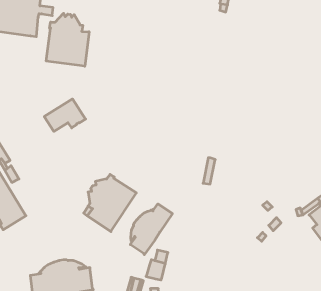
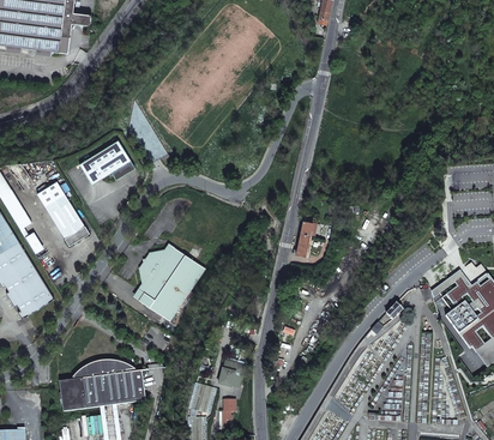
building: [46,13,89,66] -> none
building: none -> [37,180,89,246]
building: [130,204,172,255] -> none

